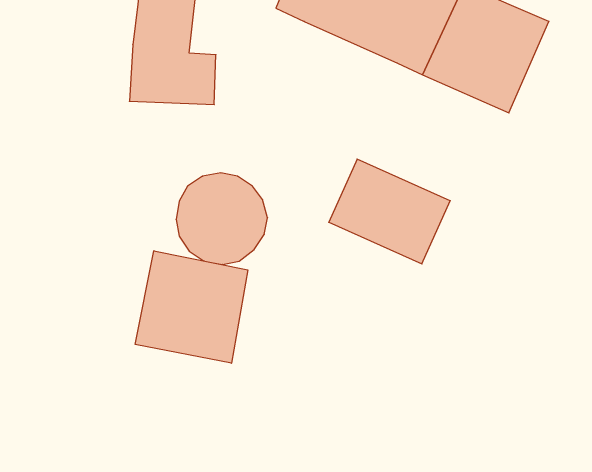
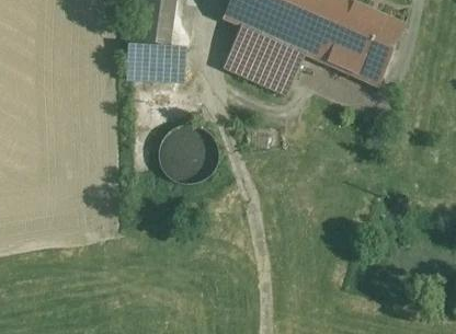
building: [329,159,450,264] -> [224,24,304,93]
building: [135,251,248,363] -> none

